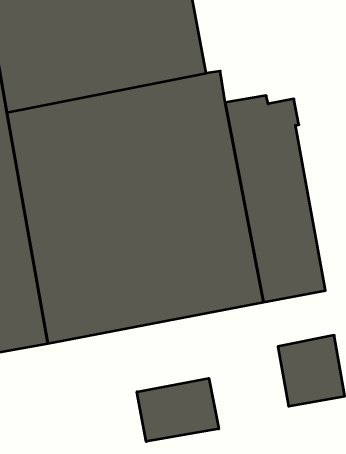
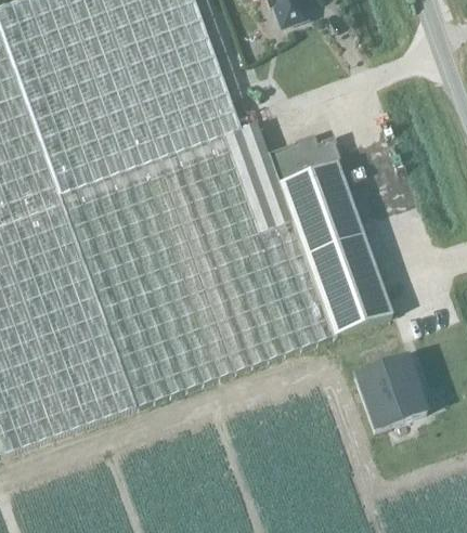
building: [137,378,219,442] -> none

